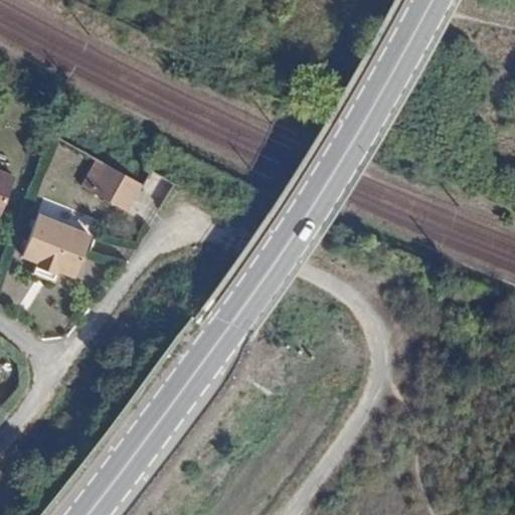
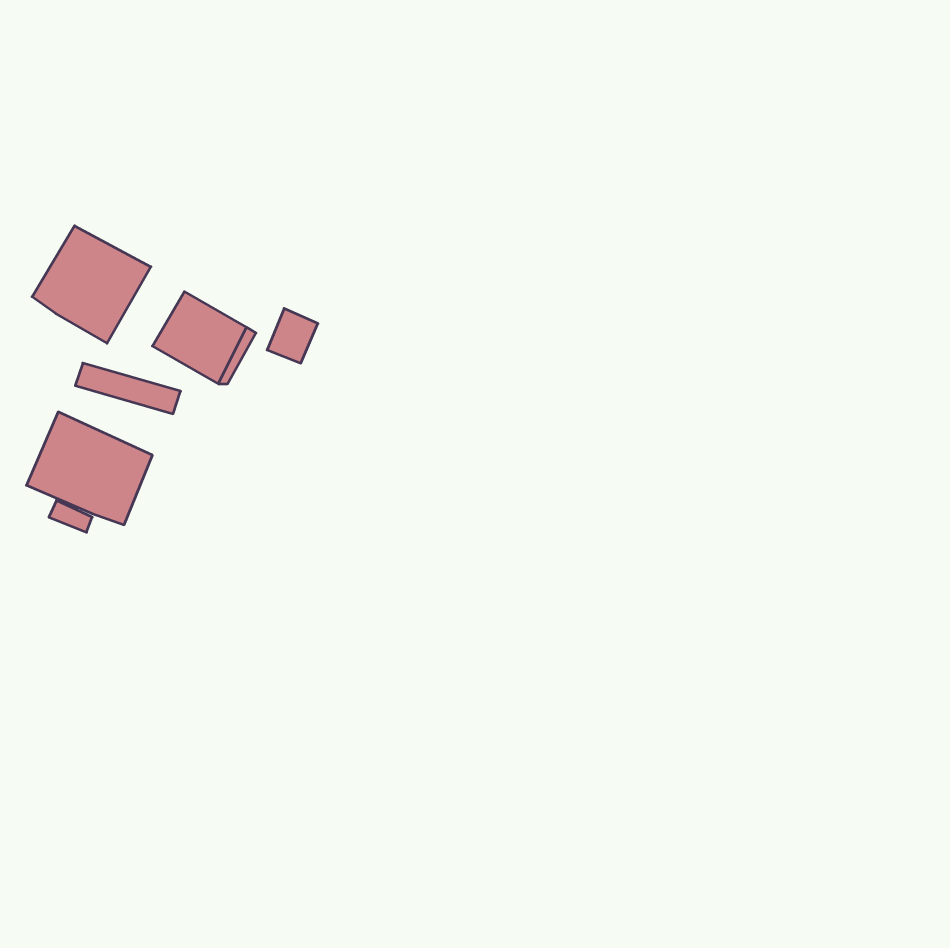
building: none -> [32,226,151,343]

